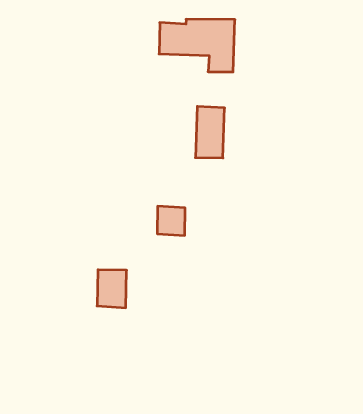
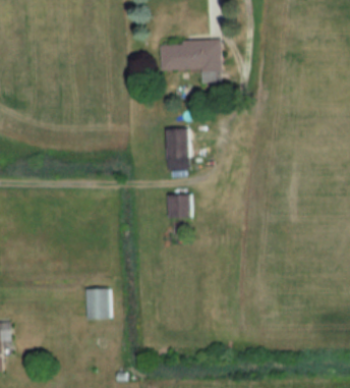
building: [195,106,225,158] -> [165,128,188,170]
building: [97,270,127,308] -> [85,288,110,319]

